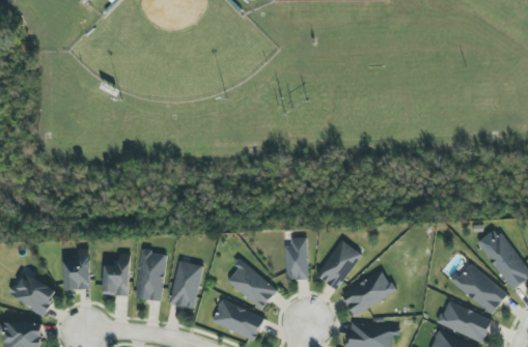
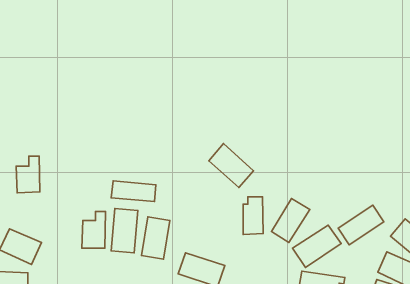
building: none -> [111,181,156,202]
building: none -> [338,205,384,245]
building: [63,249,90,290] -> [16,156,40,193]
building: [226,260,277,310] -> [209,143,254,187]

